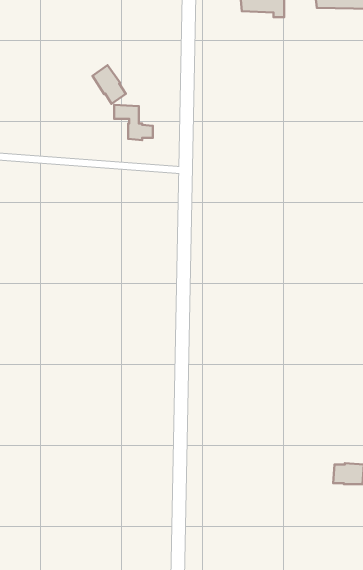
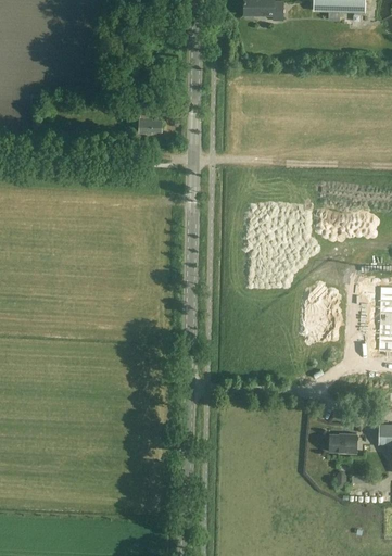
building: [92,65,126,104] -> none

